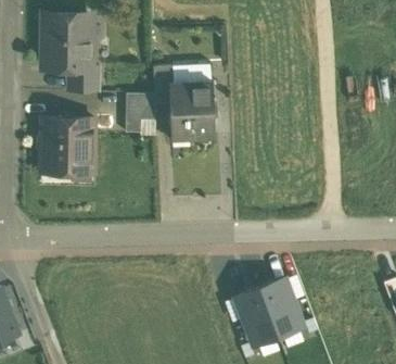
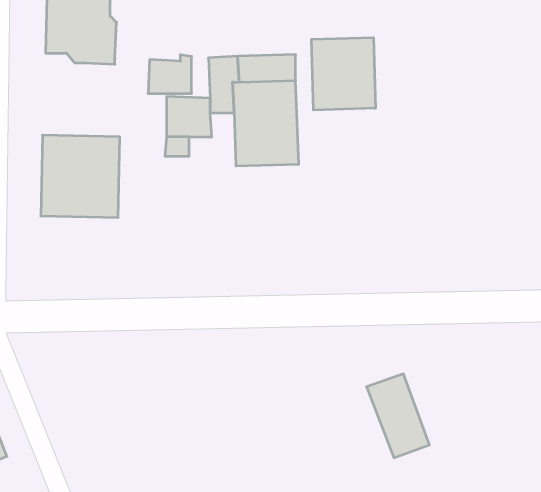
building: none -> [312,38,375,110]
building: [68,66,98,92] -> [148,55,192,93]
building: [235,288,278,346] -> none

